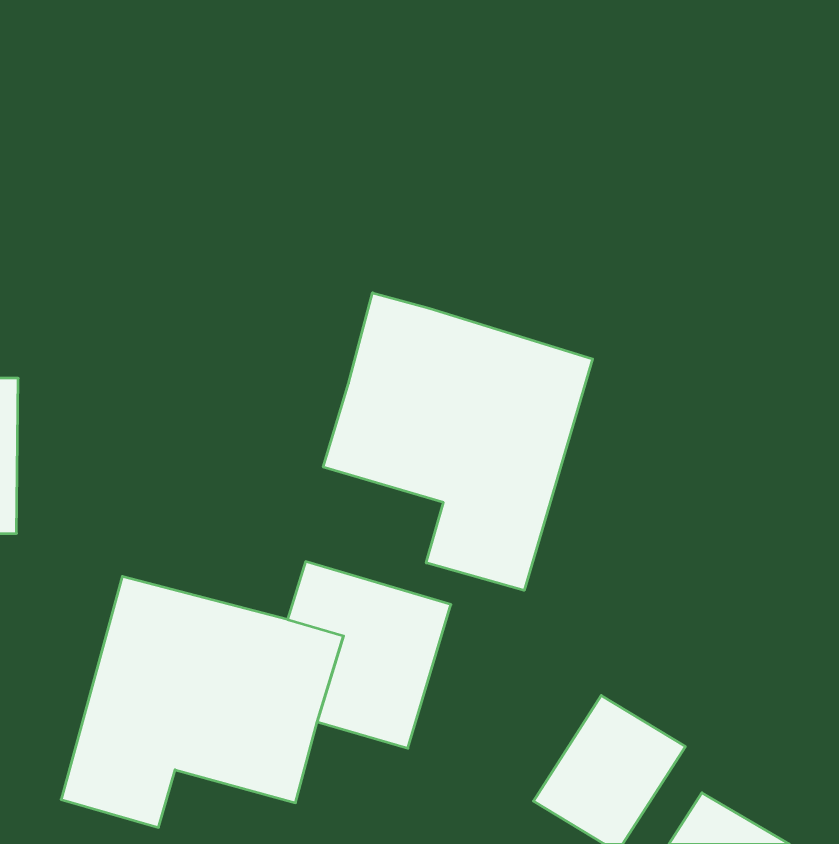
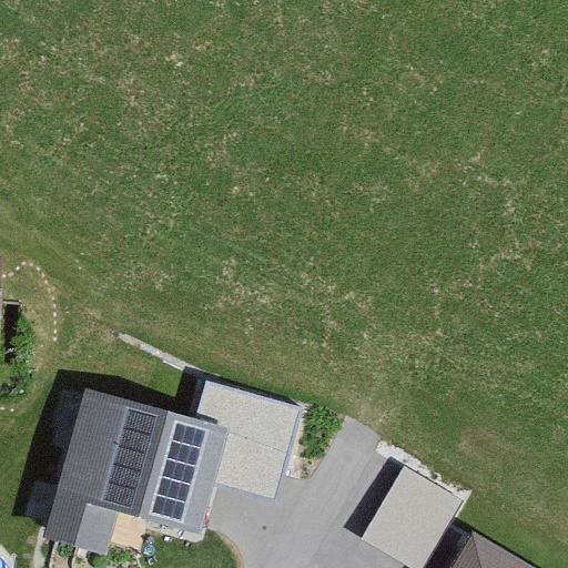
building: [323,293,593,590] -> none

